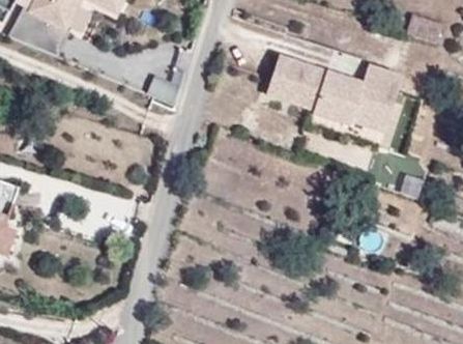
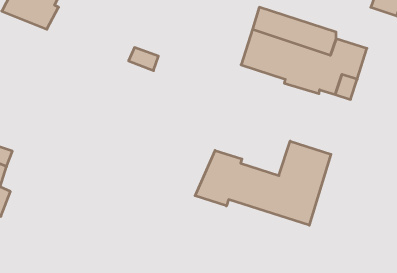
building: none -> [195,141,331,225]

